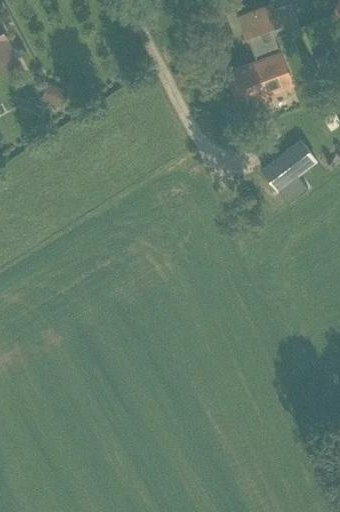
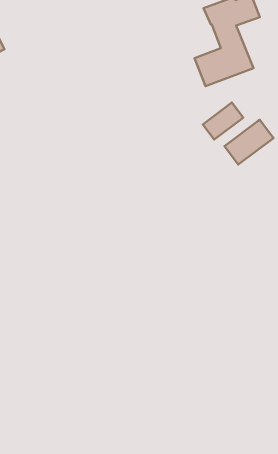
building: none -> [203,103,243,139]

